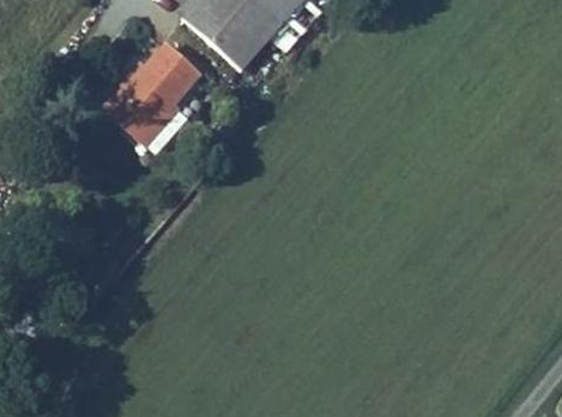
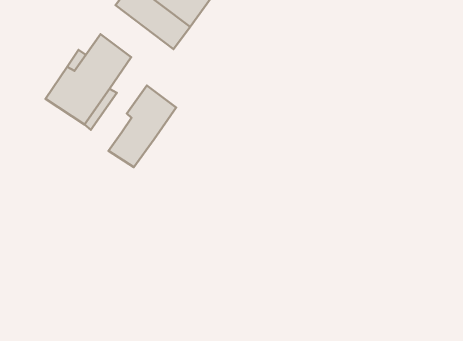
building: none -> [109,85,176,167]

